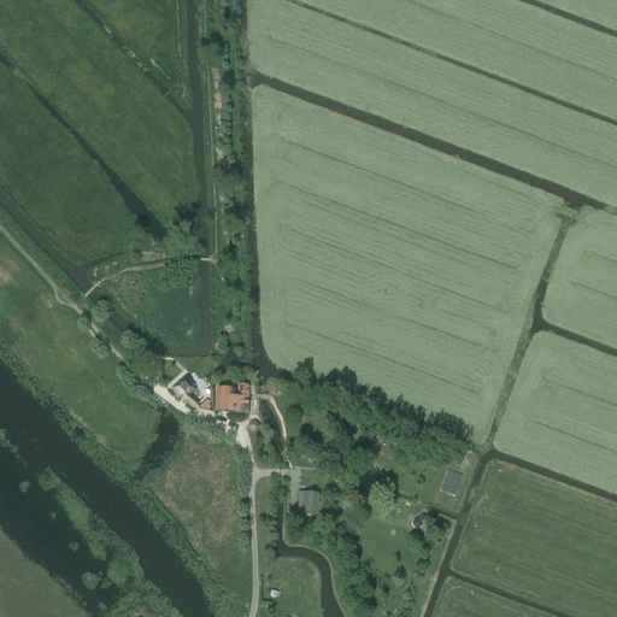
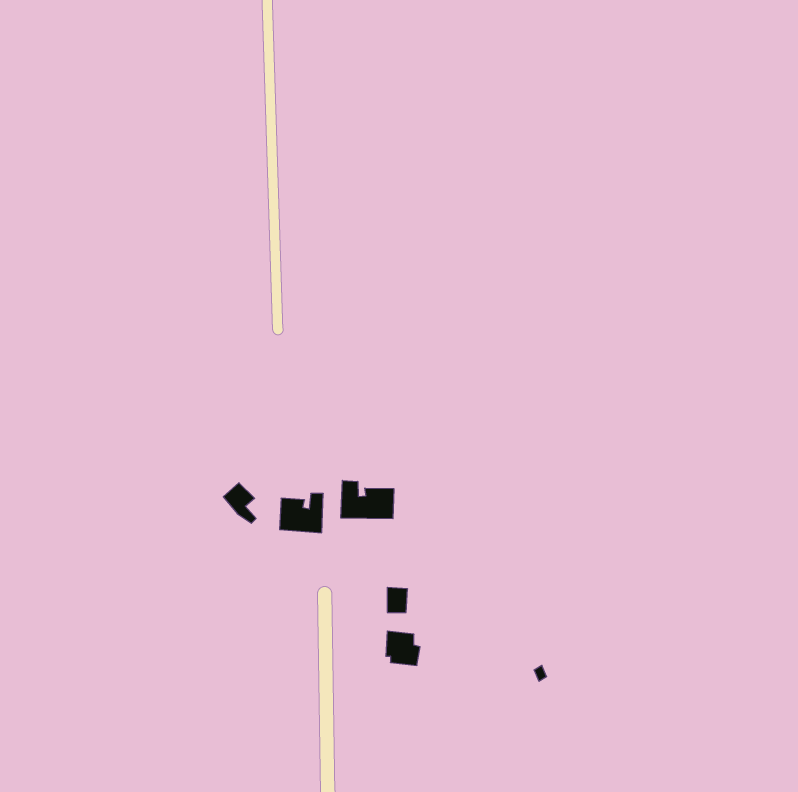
building: none -> [341,480,394,519]

